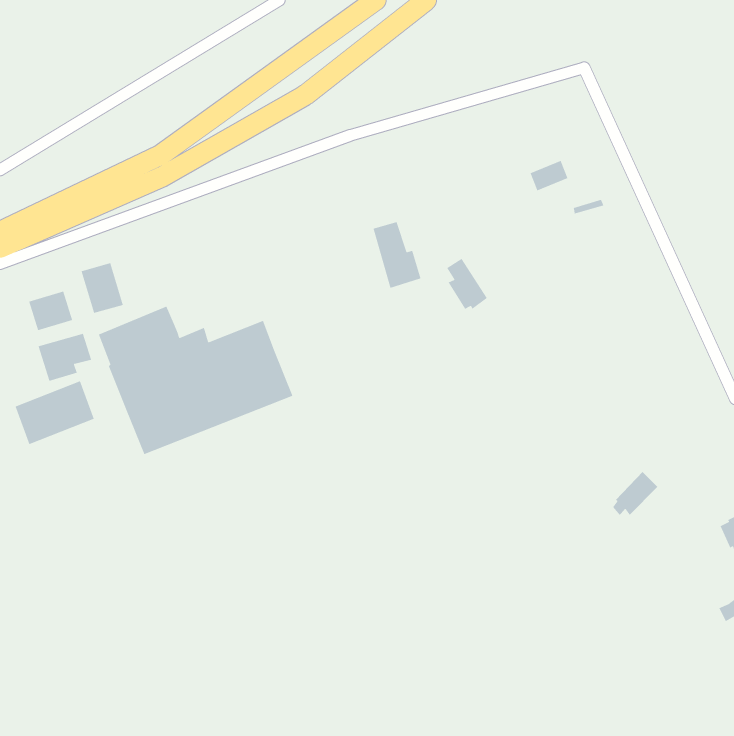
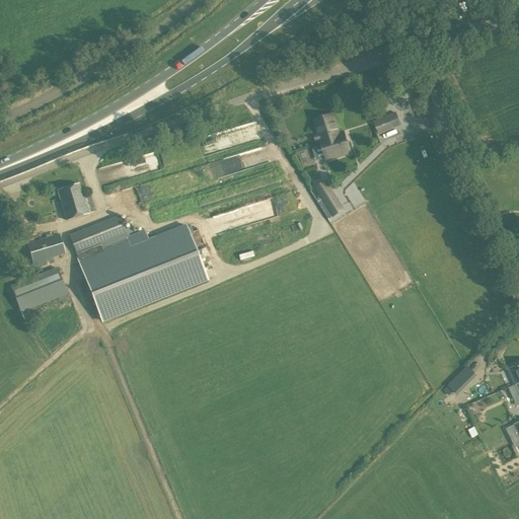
building: [373,221,421,289] -> [314,115,349,162]
building: [28,290,73,331] -> none
building: [612,471,658,516] -> [445,365,477,396]

